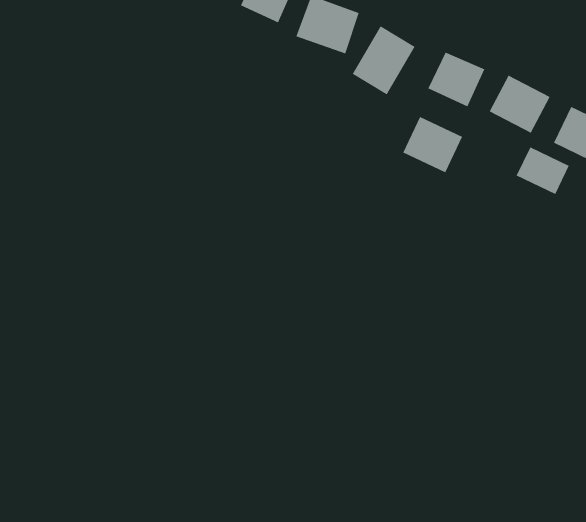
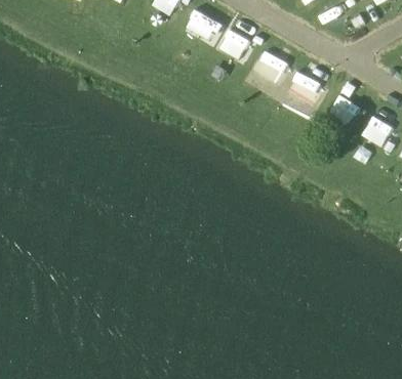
building: [403,116,463,173] -> none
building: [516,146,570,195] -> none

